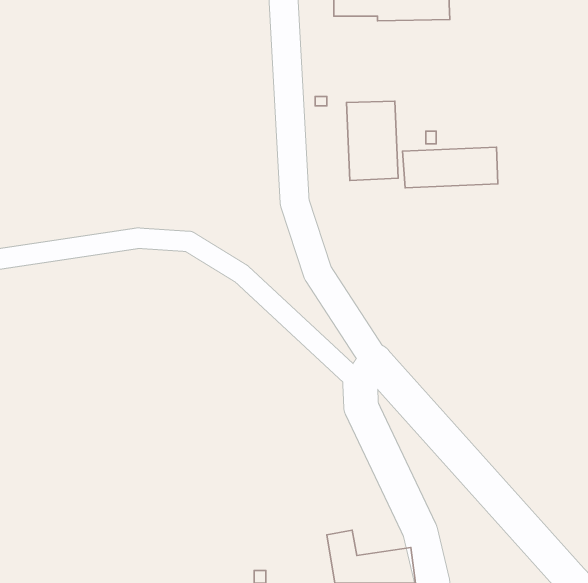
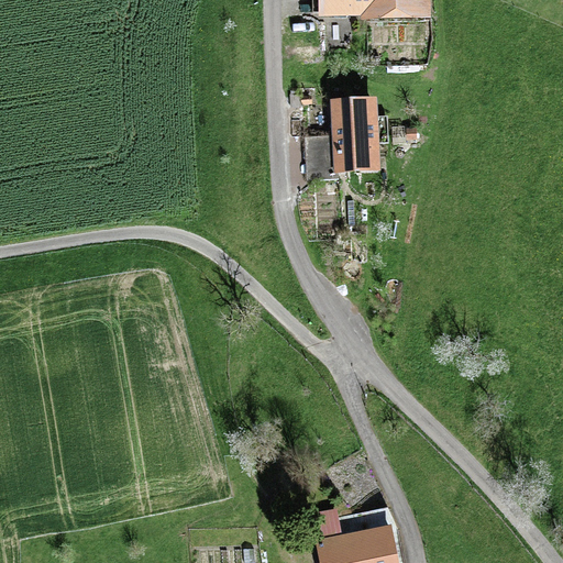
building: [402,147,498,188] -> none

